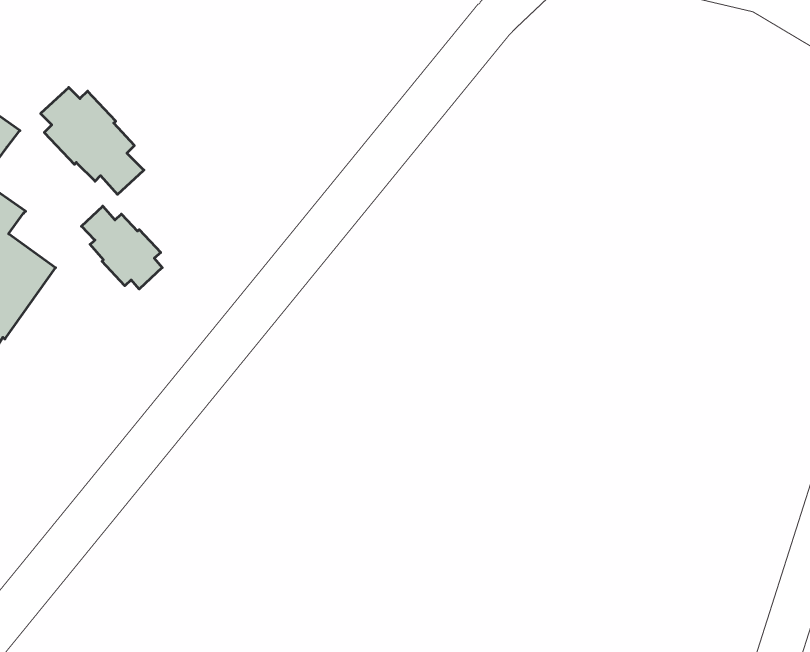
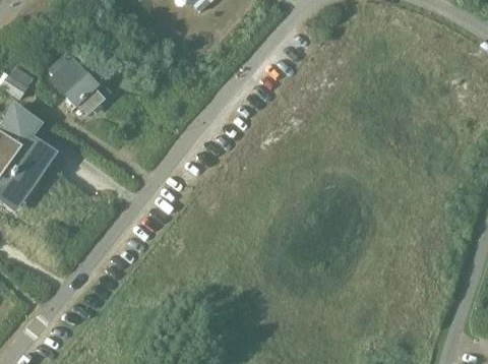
building: [81,206,162,289] -> none

